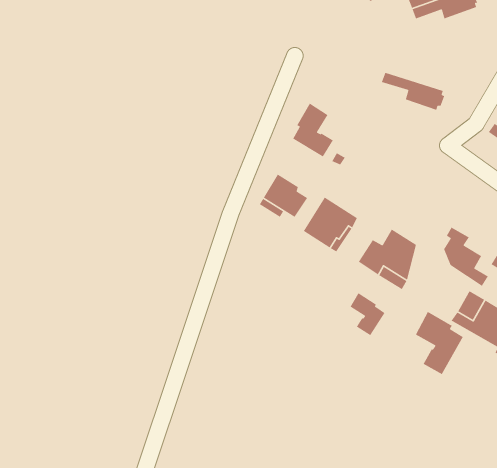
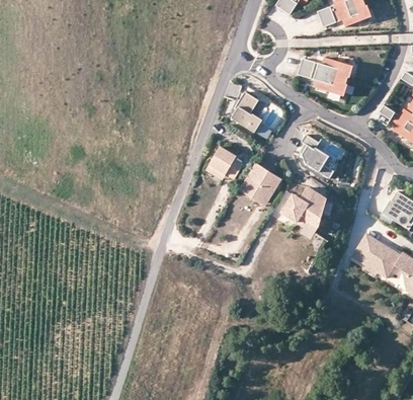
building: none -> [301,58,350,81]
building: [443,227,489,287] -> [300,134,334,179]
building: [349,292,385,336] -> none
building: [415,311,464,375] -> none

